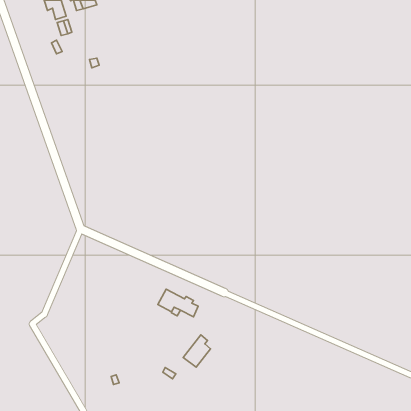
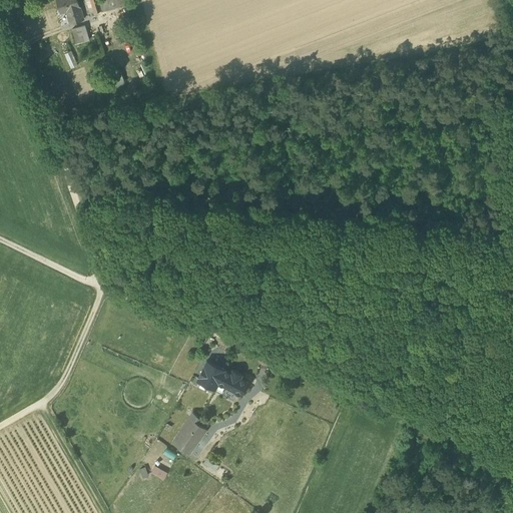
building: [183,335,211,367] -> [171,414,205,454]

